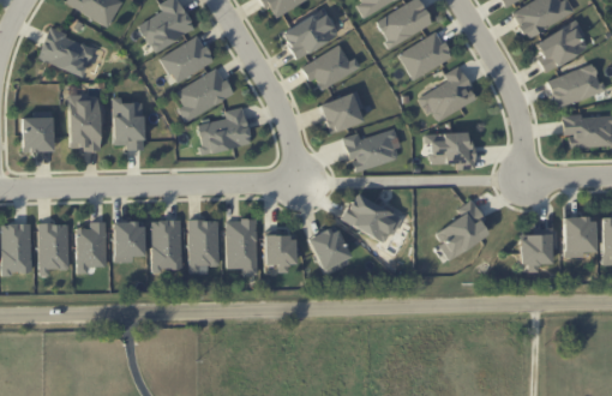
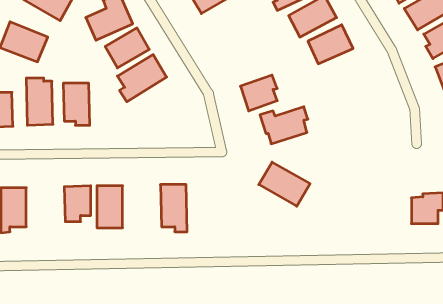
building: [282,11,336,58] -> none
building: [301,47,360,88] -> none
building: [416,66,476,120] -> none
building: [196,107,251,155] -> none
building: [426,132,473,169] -> none
building: [432,199,487,259] -> none
building: [188,220,220,272] -> none
building: [76,221,107,274] -> none
building: [310,227,348,275] -> none
building: [264,229,295,272] -> none

